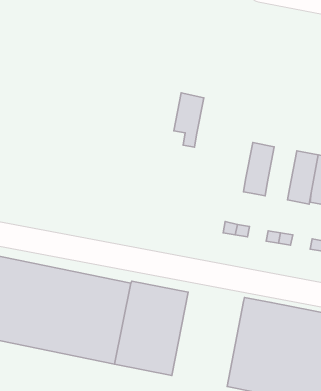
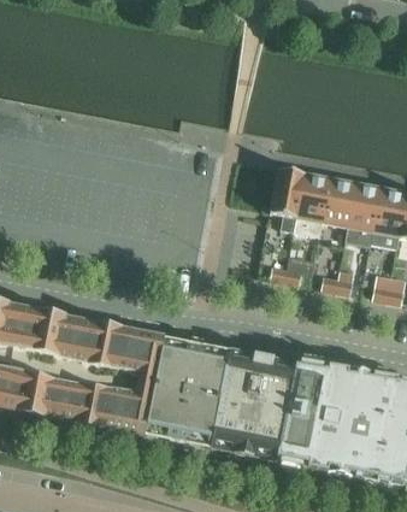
building: [174,93,204,147] -> [271,167,306,231]
building: none -> [323,178,358,228]
building: none -> [211,349,295,460]

